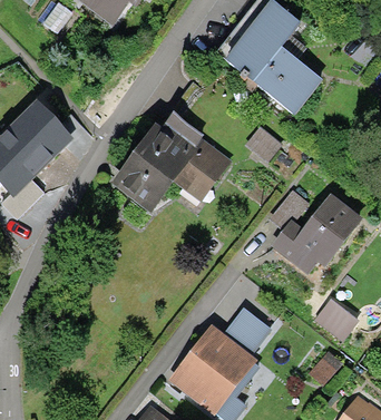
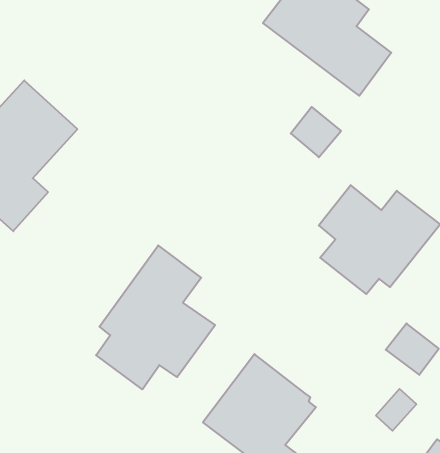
building: [109,114,233,211] -> none
building: none -> [96,245,215,389]
building: [228,304,276,352] -> none

